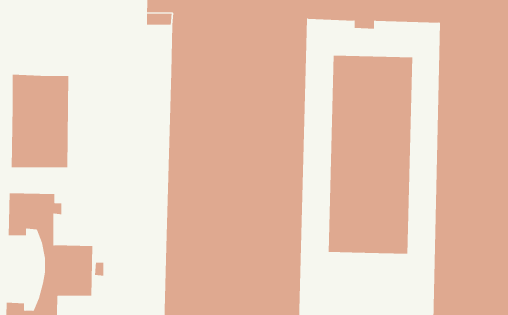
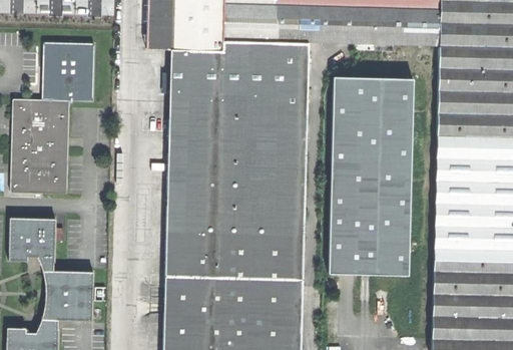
building: none -> [41,42,94,101]

